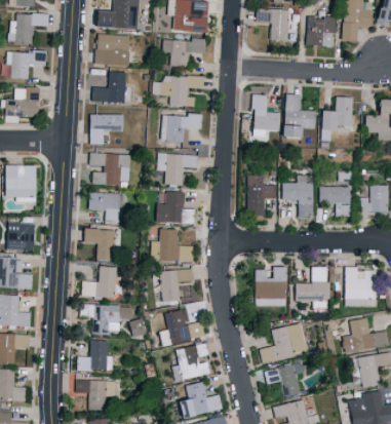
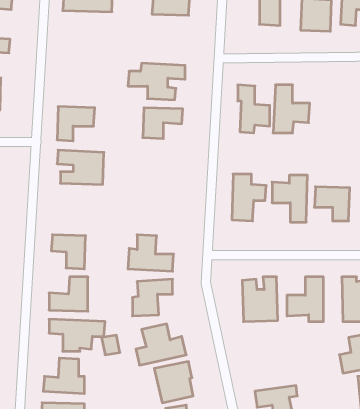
building: [95,35,129,66] -> none
building: [162,39,206,67] -> none
building: [92,72,126,103] -> none
building: [320,97,353,141] -> none
building: [158,154,199,185] -> none
building: [88,192,120,223] -> none
building: [156,192,196,224] -> none
building: [260,323,307,363] -> none

